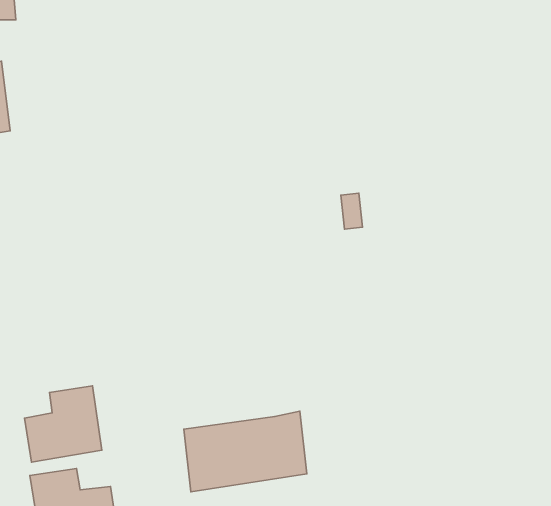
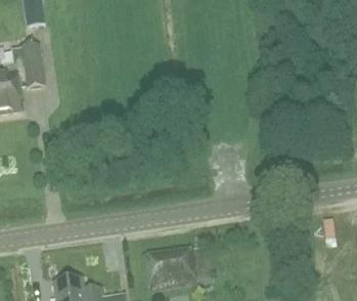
building: [25,386,102,462] -> none

